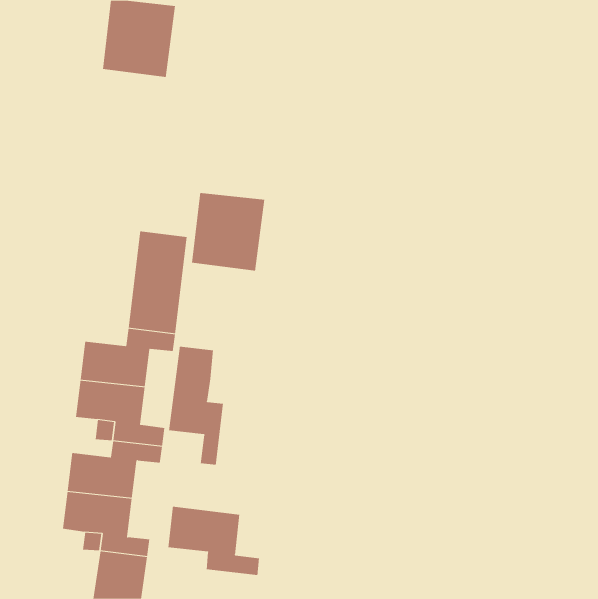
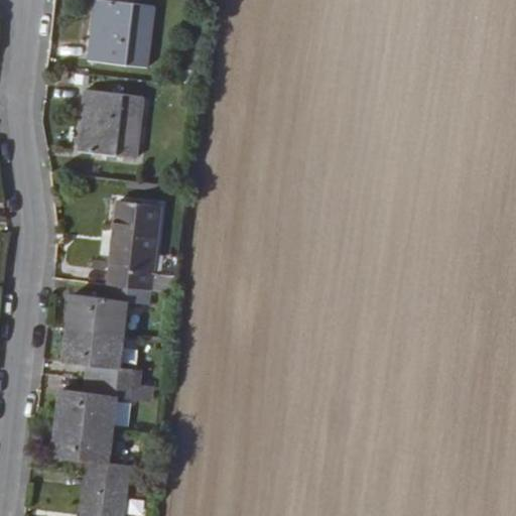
building: [191,193,265,271] -> [77,90,140,157]
building: [169,346,223,465] -> none
building: [168,506,259,576] -> none

